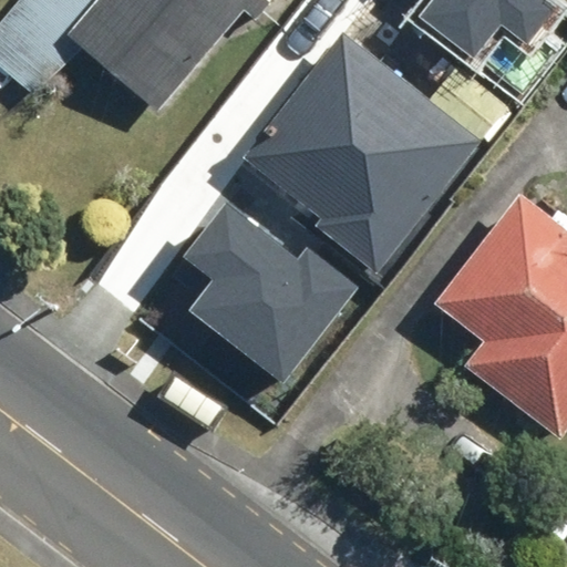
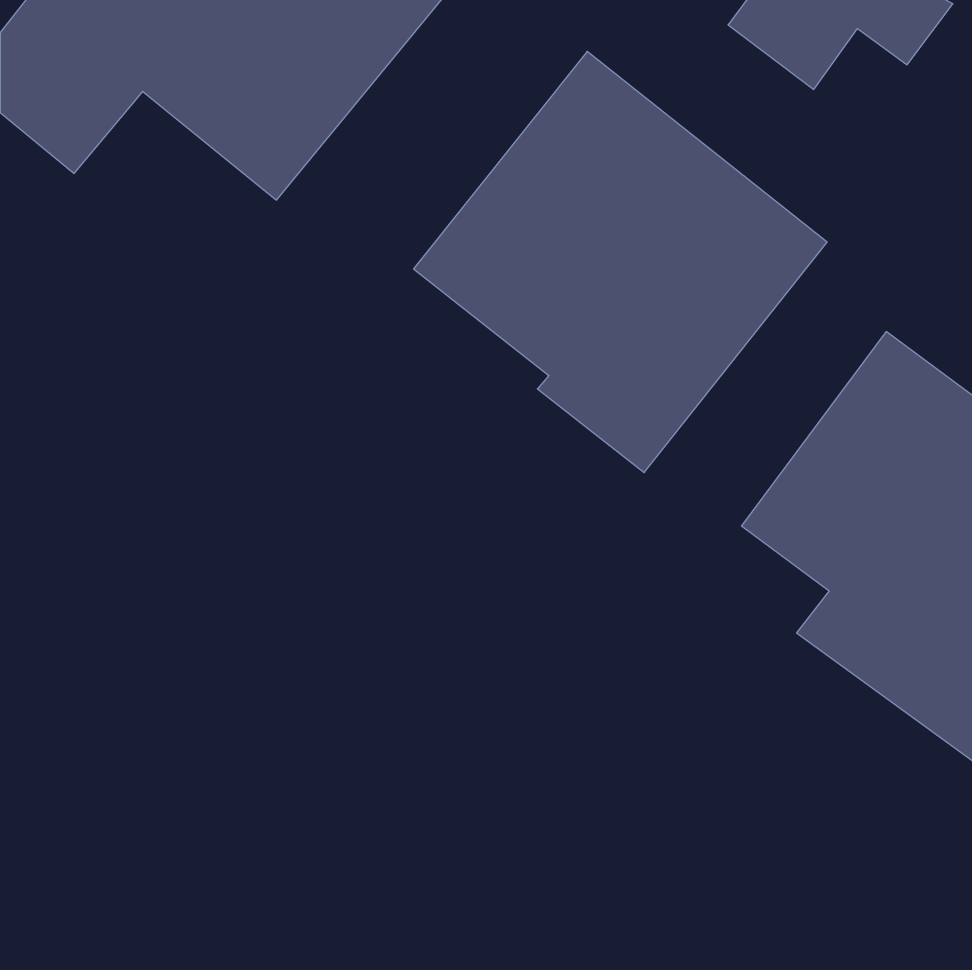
building: [188,203,355,377] -> none

